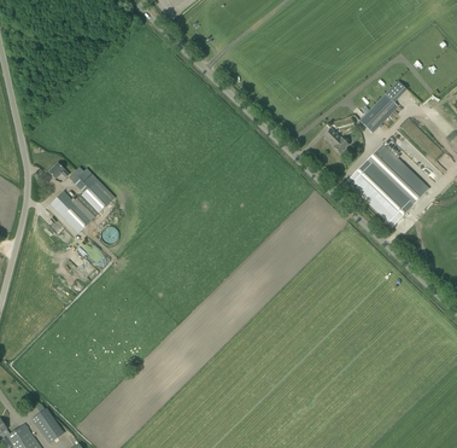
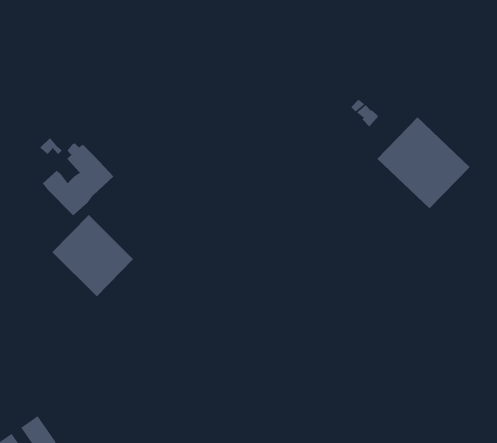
building: [359,93,398,133] -> none
building: none -> [52,214,134,297]

